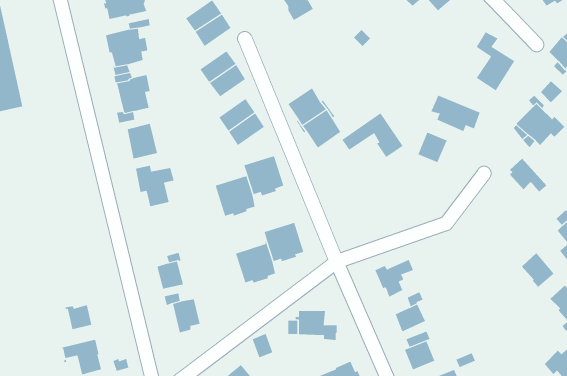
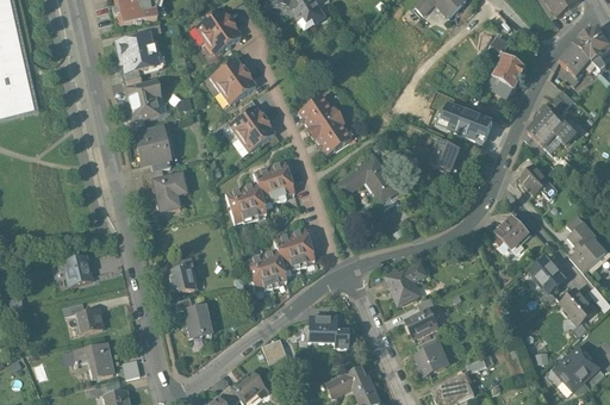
building: [342,112,404,158] -> [337,155,399,200]
building: none -> [496,214,530,248]
building: none -> [63,256,93,287]

